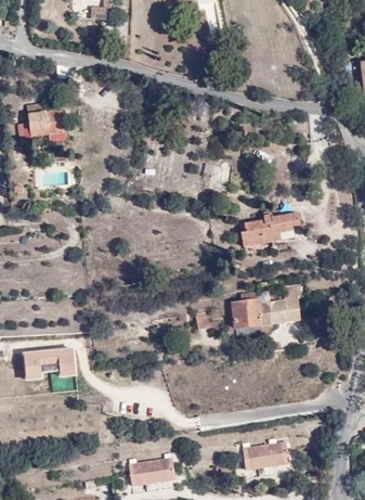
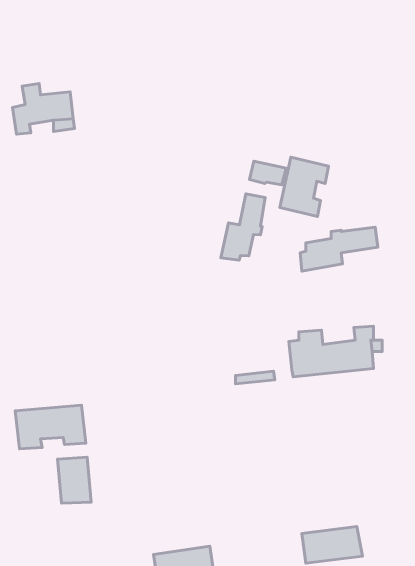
building: none -> [280,157,328,216]
building: none -> [221,194,265,260]
building: none -> [58,457,91,503]

